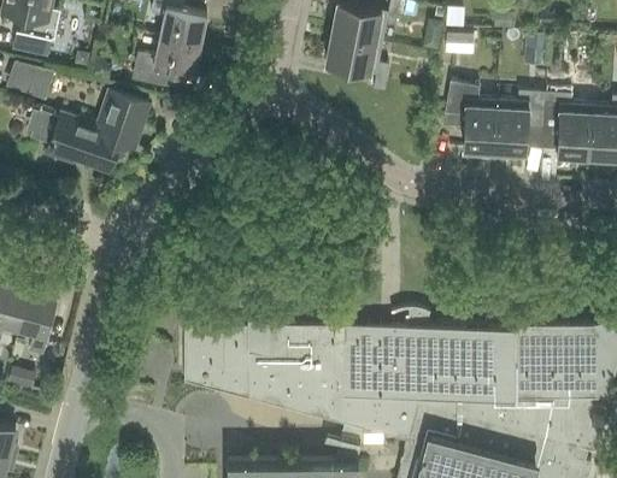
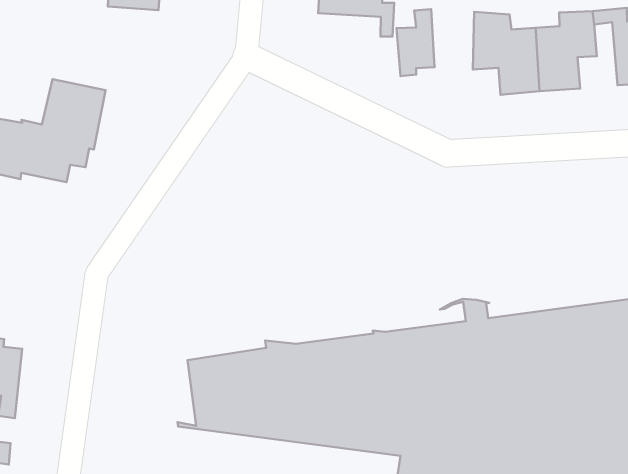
building: [133,37,200,88] -> none
building: none -> [396,9,435,76]

